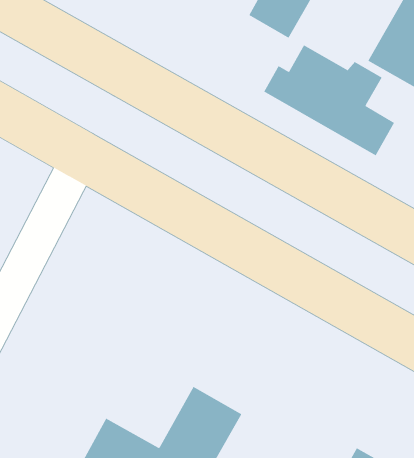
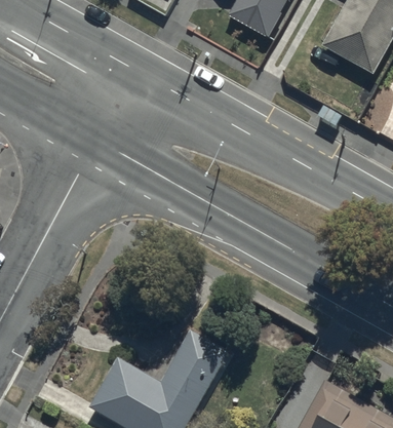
building: [263,45,395,156] -> none

